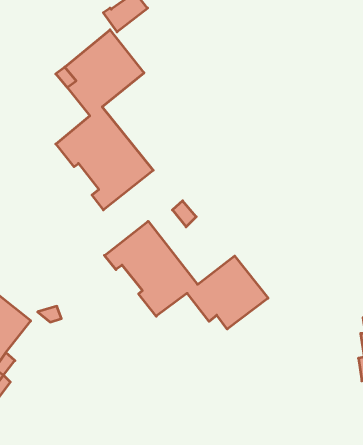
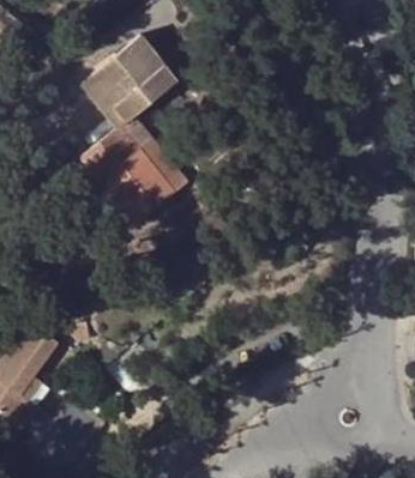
building: [104,221,268,329] -> none

